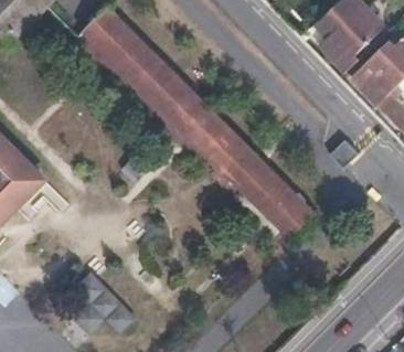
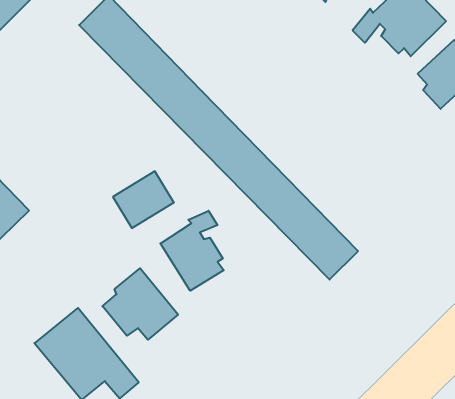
building: none -> [160,211,224,291]
building: none -> [102,268,178,340]

